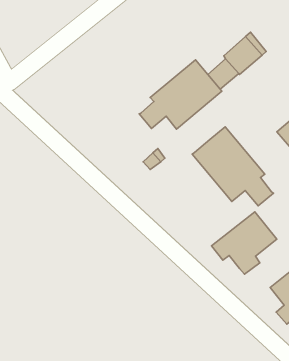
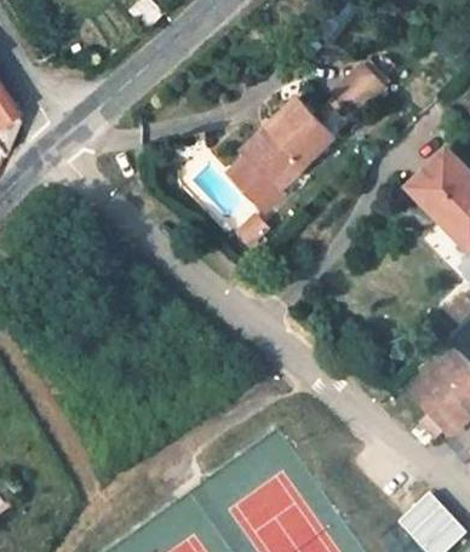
building: [192,127,273,206] -> none
building: [211,212,277,274] -> none

